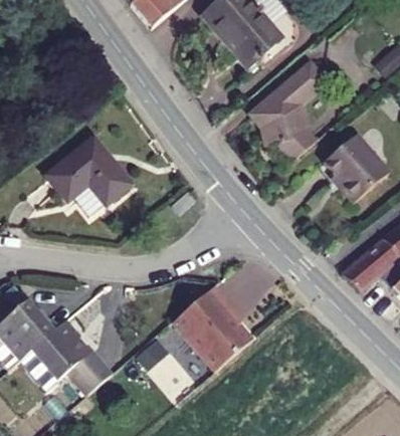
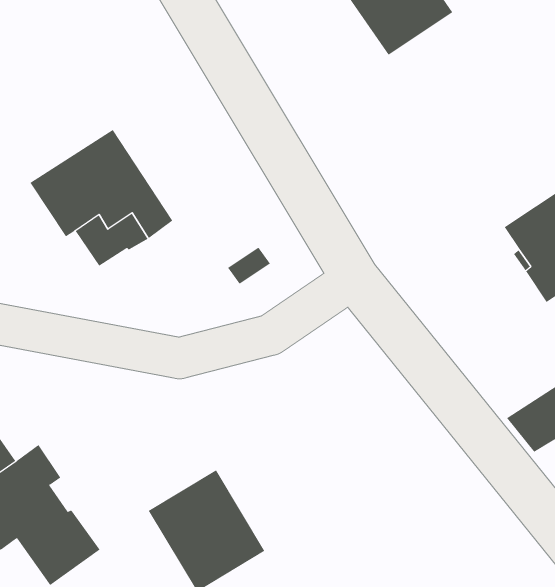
building: [250,63,322,161] -> none
building: [176,283,255,367] -> none

